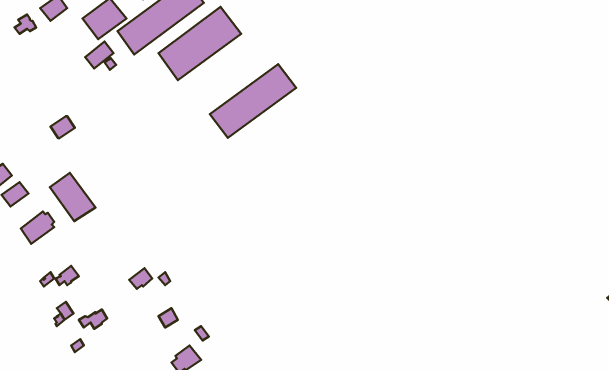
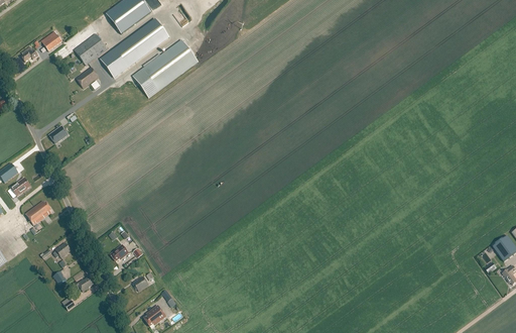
building: [210,64,296,138] -> none
building: [50,173,96,221] -> none

